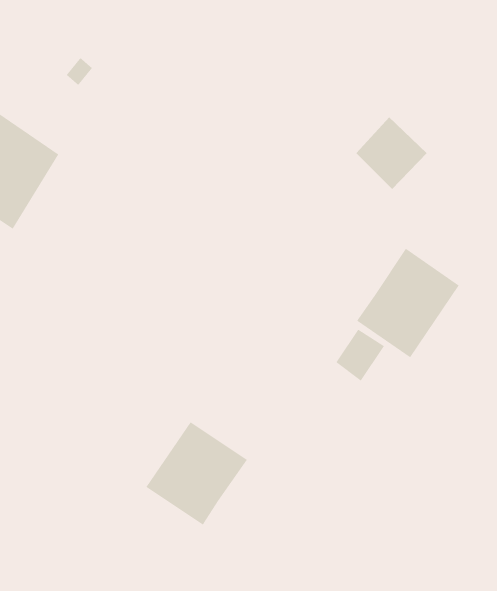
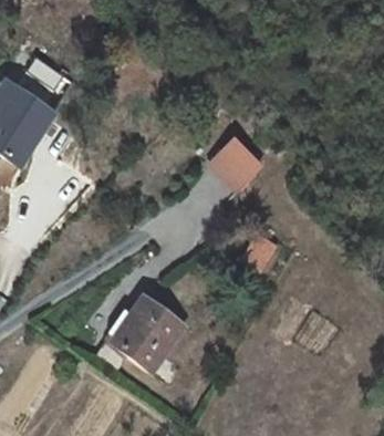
building: [356,116,427,190] -> [209,139,259,190]
building: [357,248,460,358] -> none

